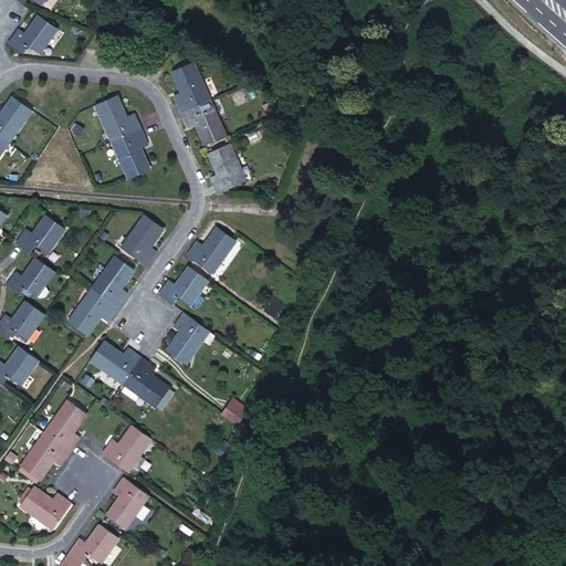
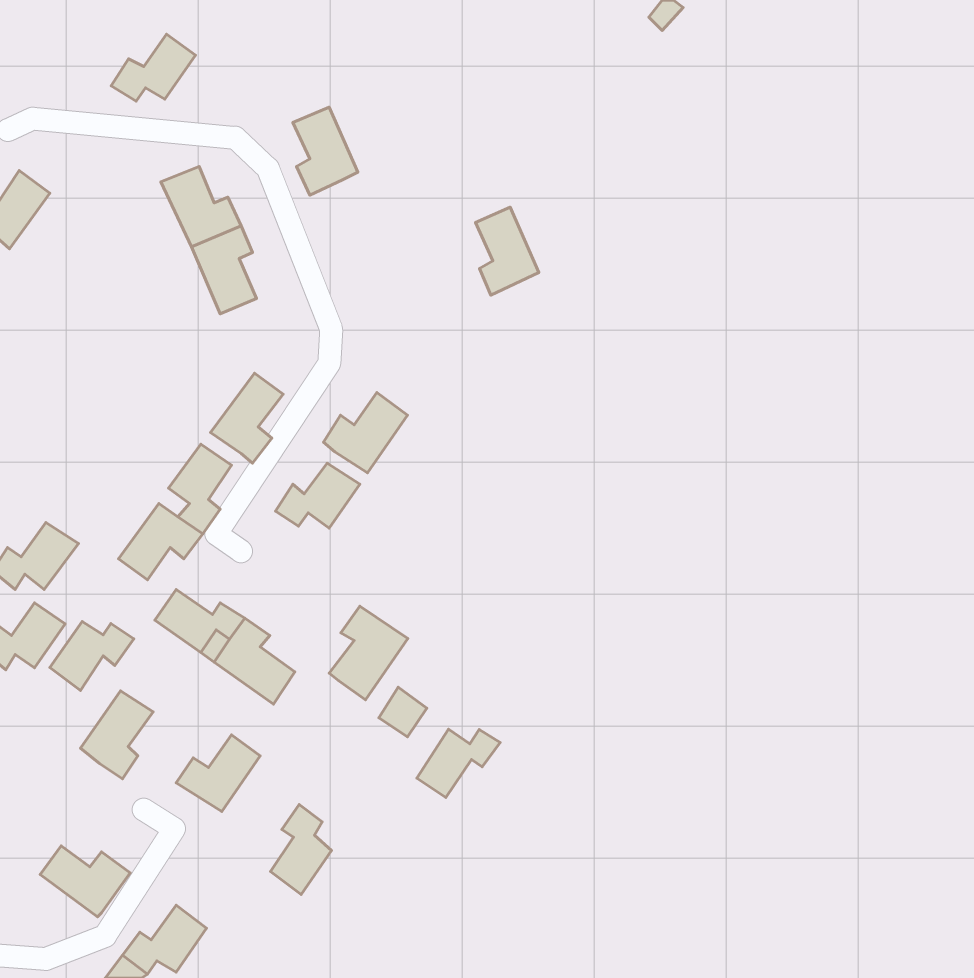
building: [6,17,54,55] -> [111,34,195,101]
building: [179,104,224,147] -> none
building: [207,143,243,193] -> [476,207,539,295]
building: [14,217,63,254] -> none
building: [6,259,54,296] -> none
building: [166,312,211,366] -> [329,606,408,700]
building: none -> [417,729,500,798]
building: [22,440,71,480] -> [50,622,134,690]
building: [107,476,143,528] -> [270,805,332,895]

